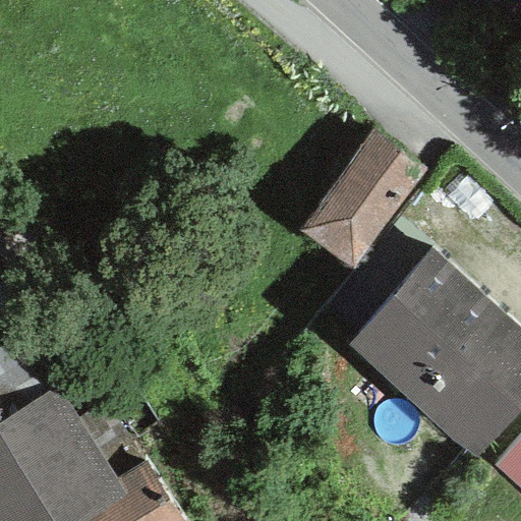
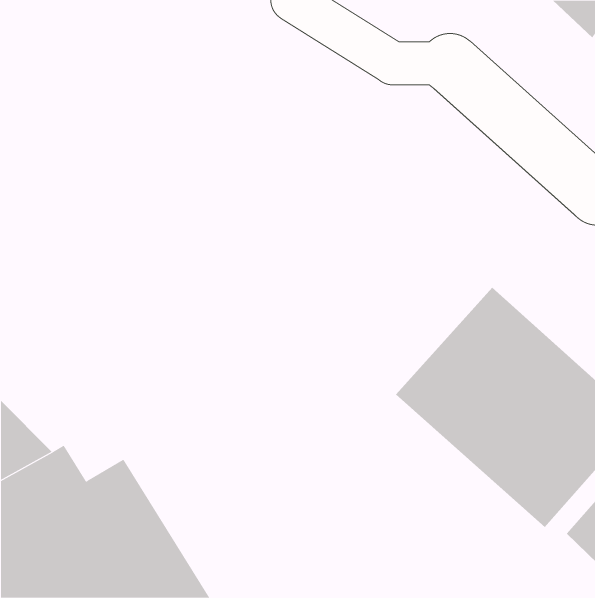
building: [299,128,429,270] -> none

